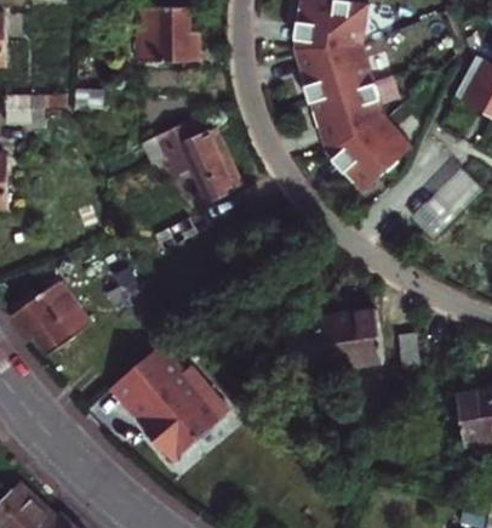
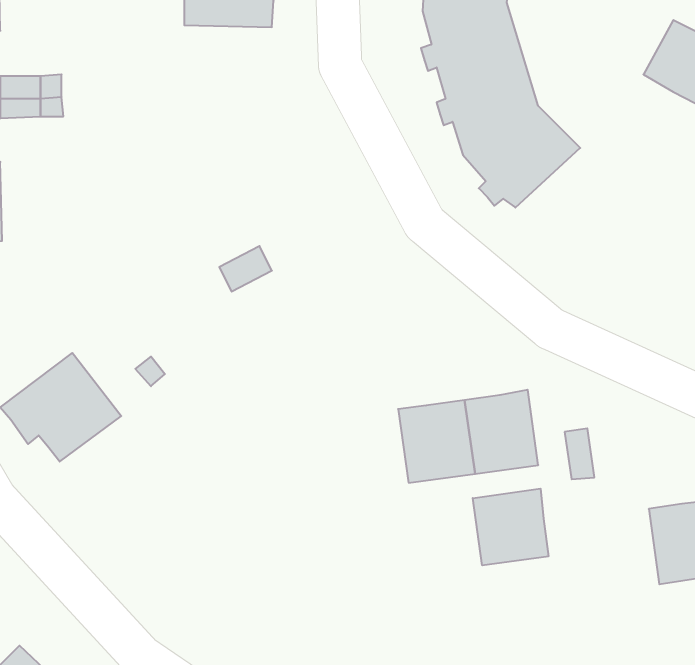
building: [153,117,238,199] -> none
building: [407,164,479,237] -> none
building: [113,346,230,461] -> none
building: none -> [473,489,548,565]

